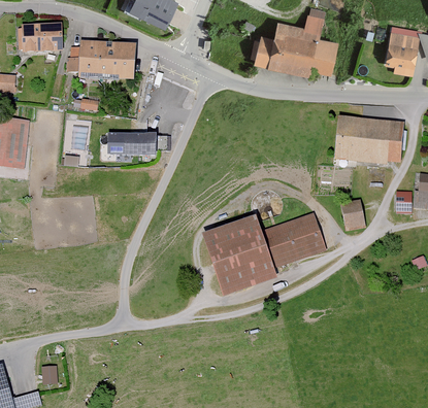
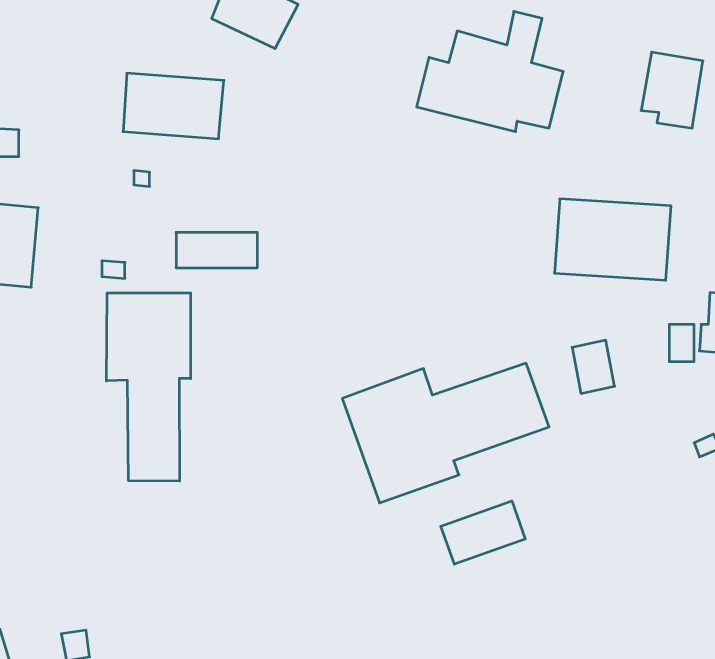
building: [24,26,65,53] -> none
building: none -> [106,293,191,481]
building: none -> [441,501,525,564]

